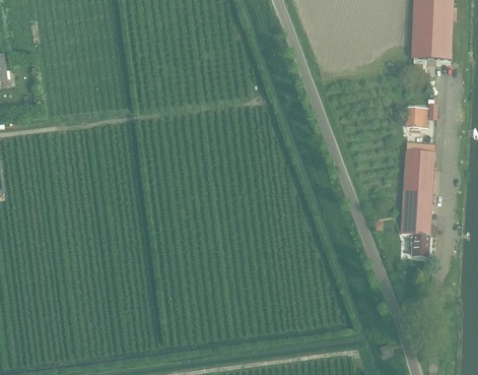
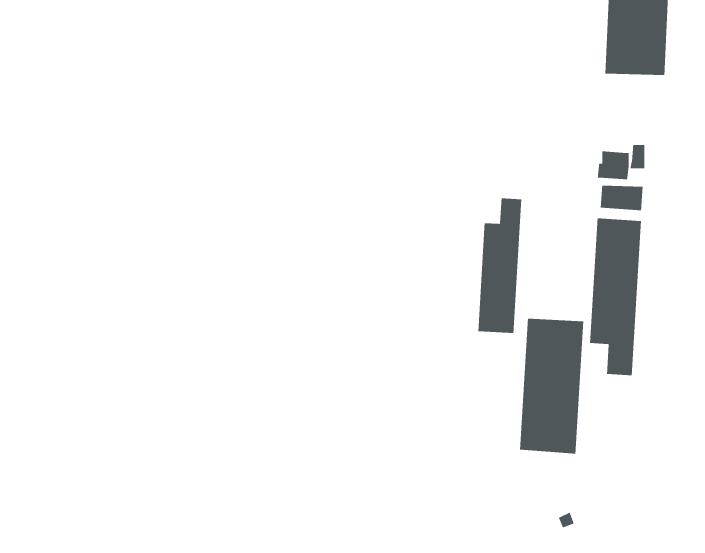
building: none -> [478,198,522,334]
building: none -> [519,318,584,455]

